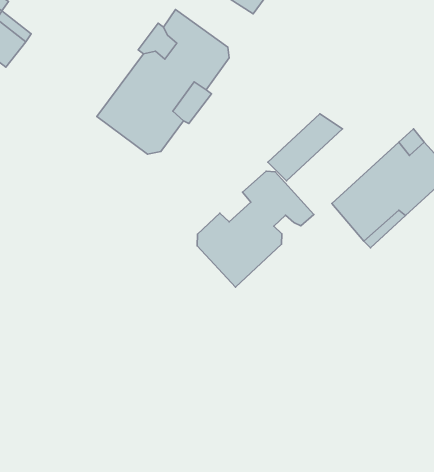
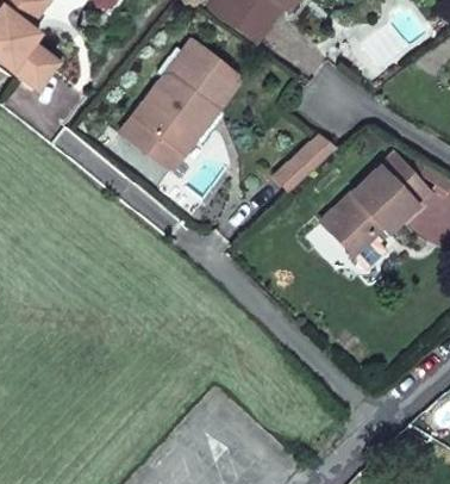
building: [197,171,314,287] -> none

